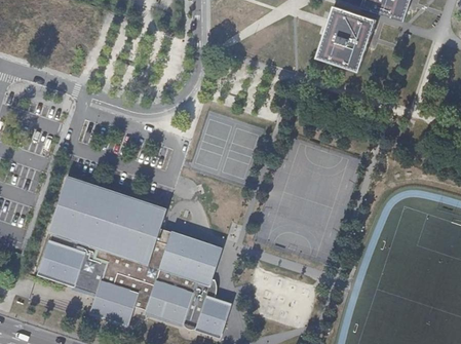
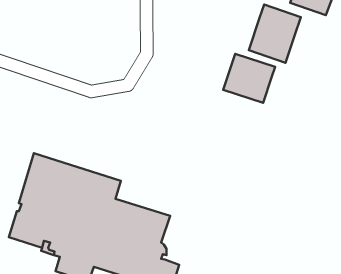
building: none -> [223,54,275,103]

